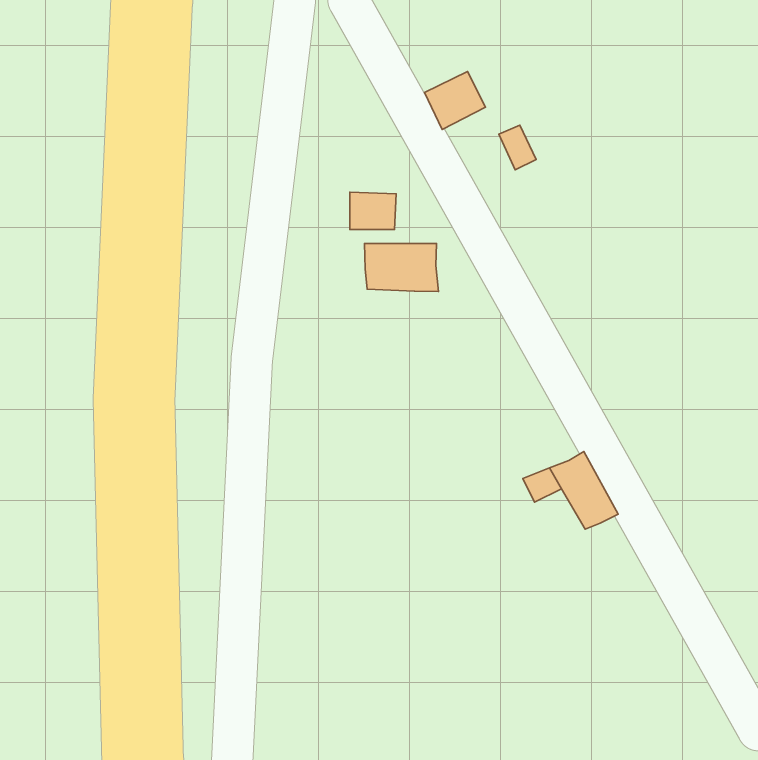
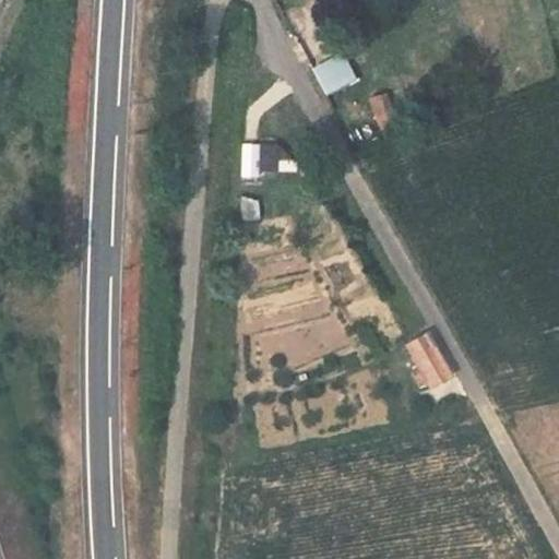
building: [365,244,439,292] -> none

